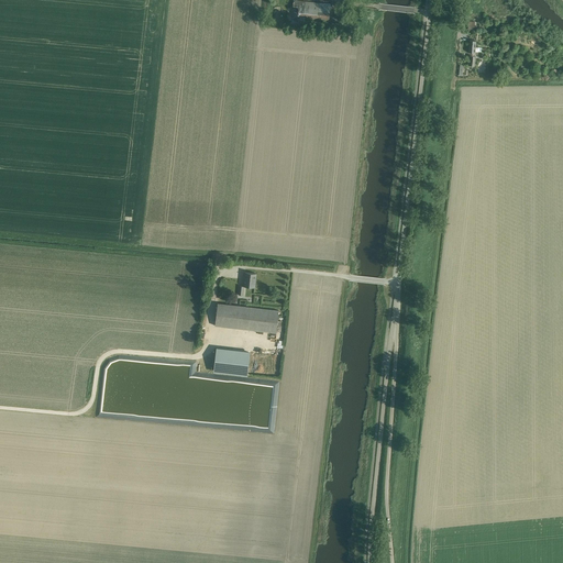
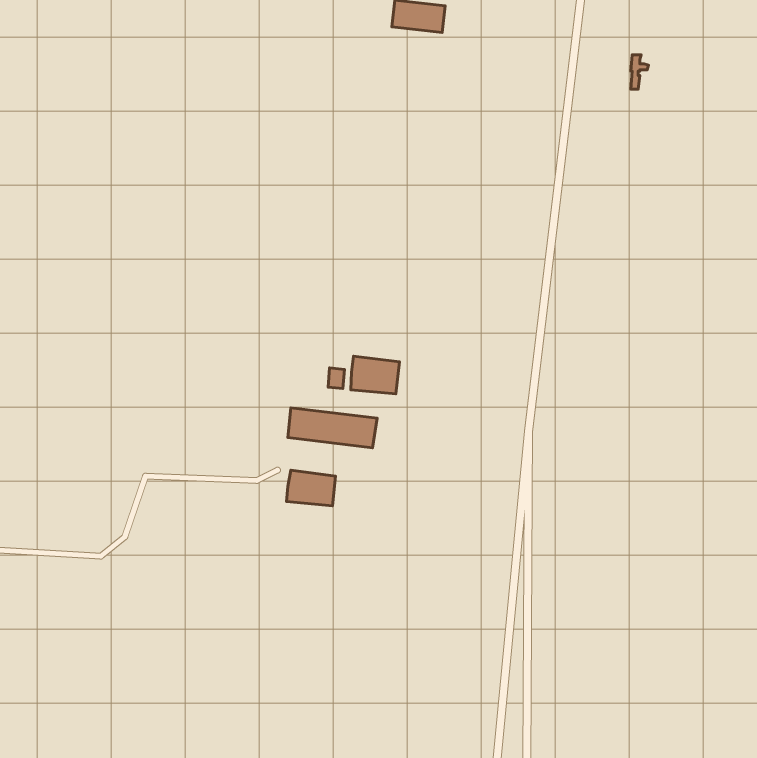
building: none -> [351,356,400,394]

